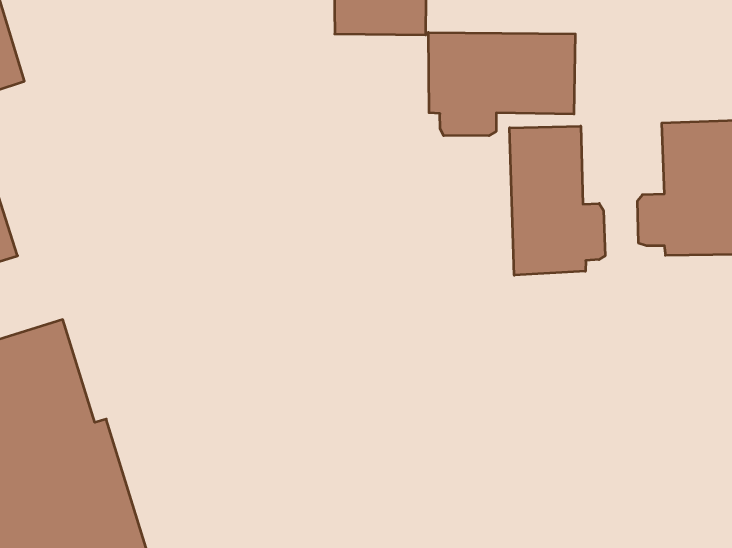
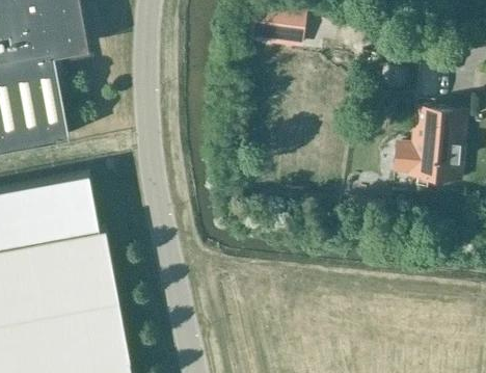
building: [428,32,575,136] -> none
building: [510,126,605,275] -> none

